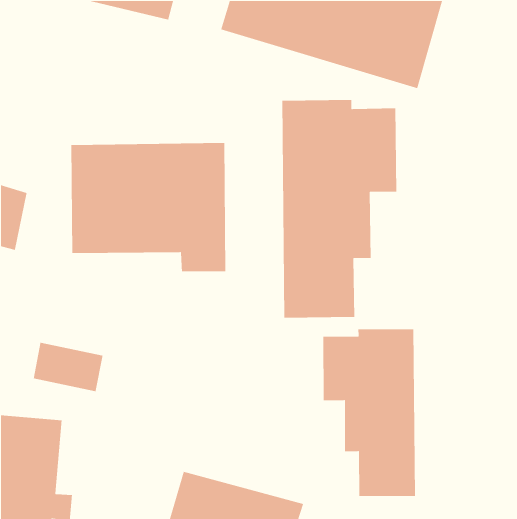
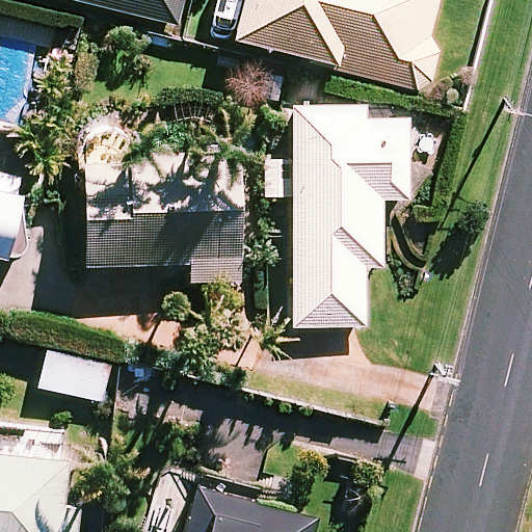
building: [322,329,416,497] -> none

